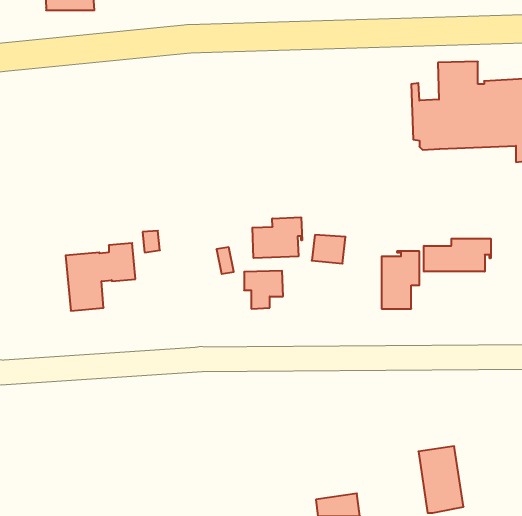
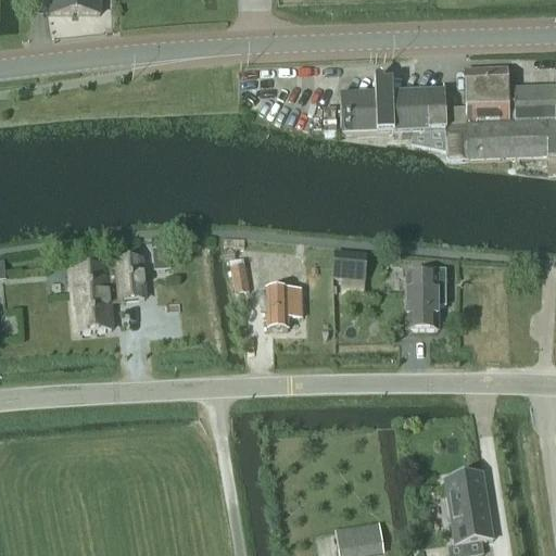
building: none -> [342,72,440,148]
building: [252,217,302,258] -> none
building: [424,239,491,272] -> none

